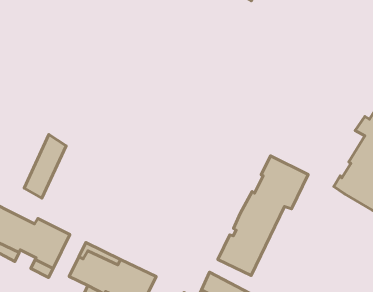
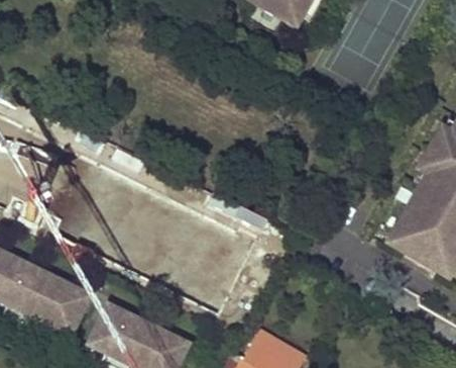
building: [24,134,66,198] -> none
building: [218,156,308,275] -> none

